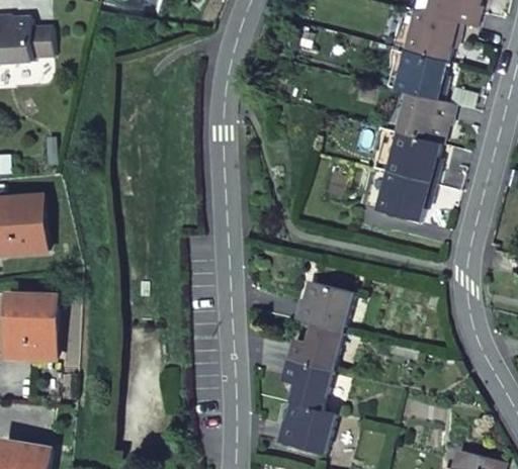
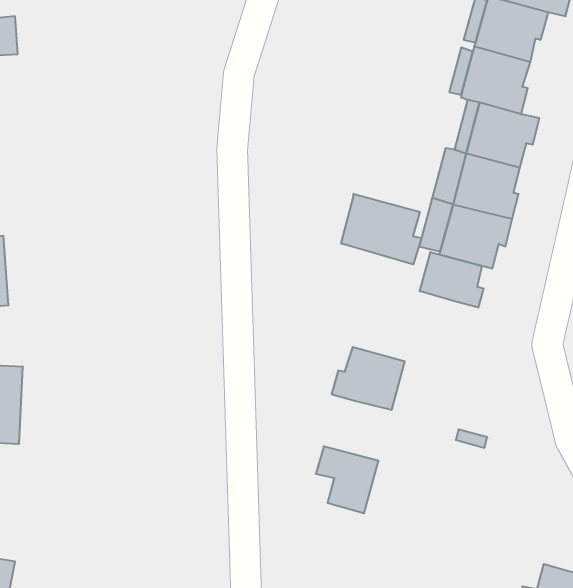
building: none -> [341,194,422,264]
building: none -> [420,252,483,308]
building: [289,323,342,370] -> none
building: [278,402,334,452] -> none

